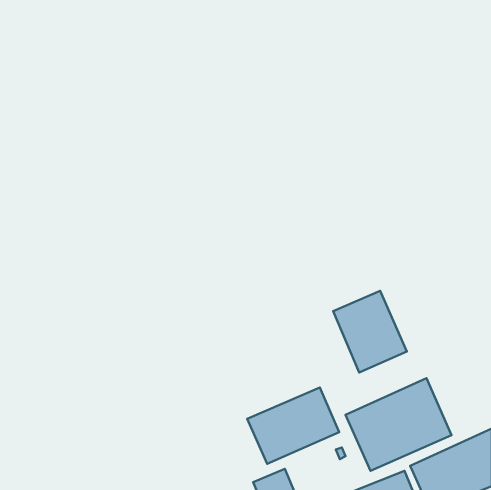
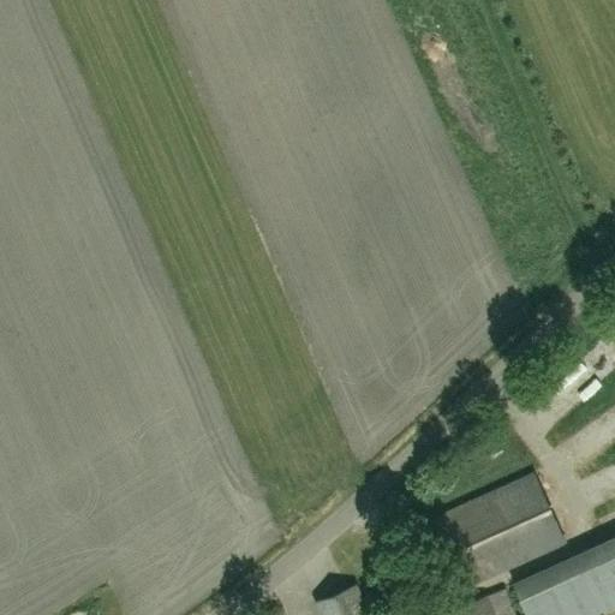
building: [333,291,407,373] -> none
building: [247,387,339,464] -> none

